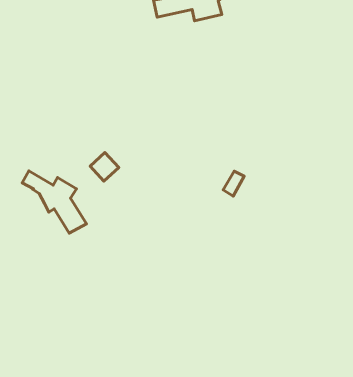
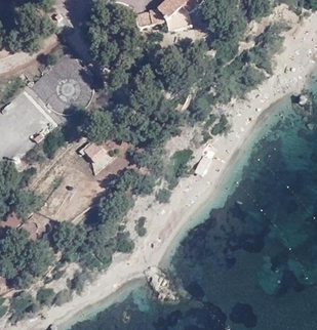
building: [22,171,86,233] -> none

